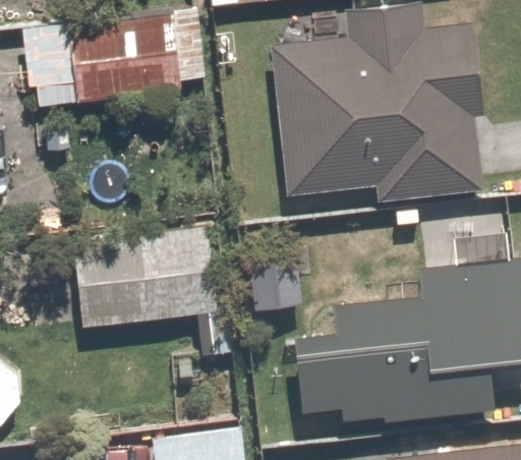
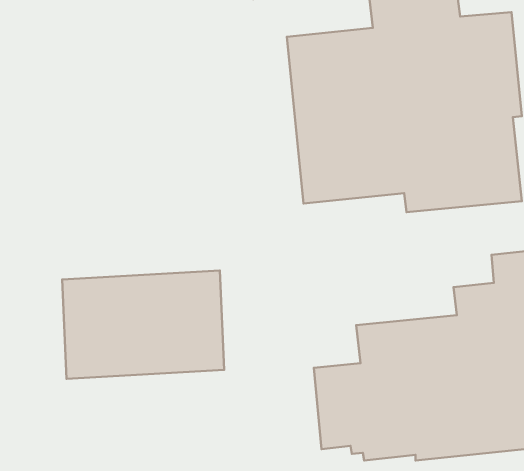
building: [60,42,178,120] -> none

